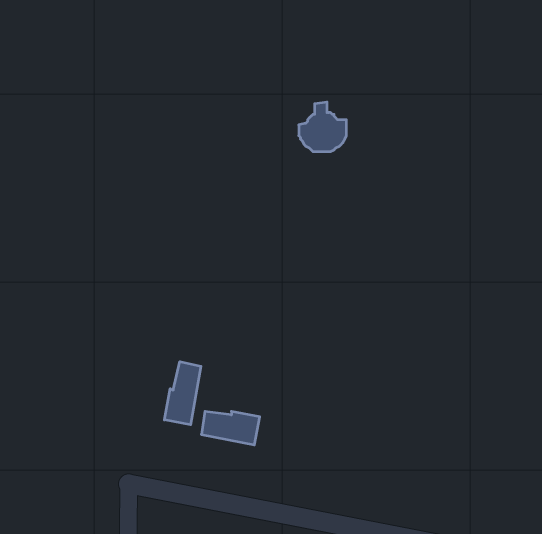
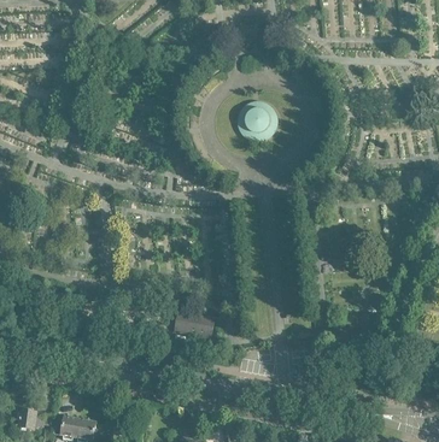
building: [164,362,201,425] -> none

